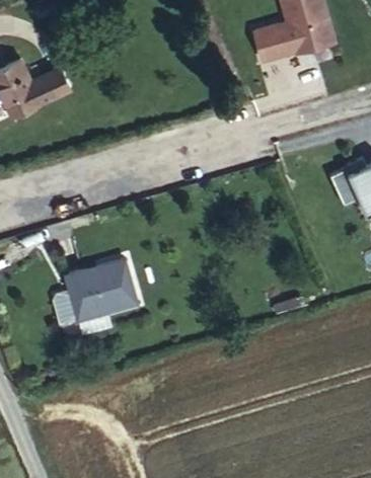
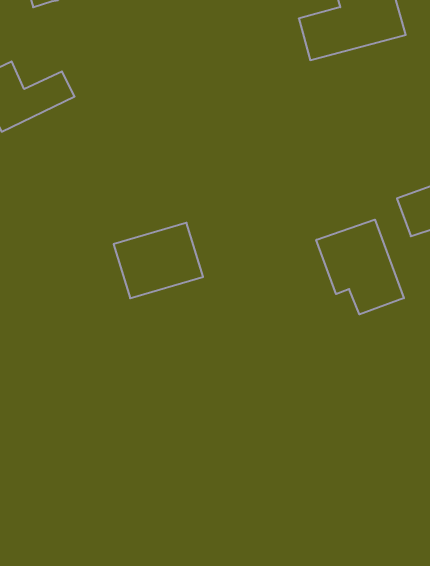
building: none -> [316,220,404,314]
building: [65,261,137,322] -> [114,223,203,298]

